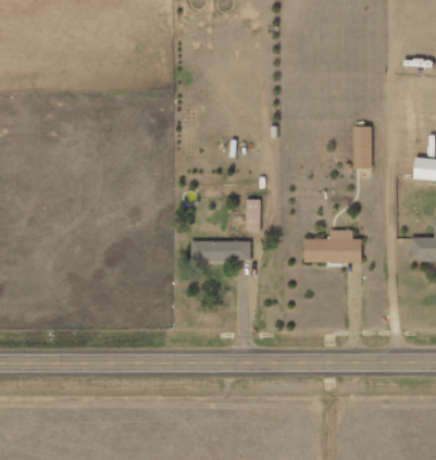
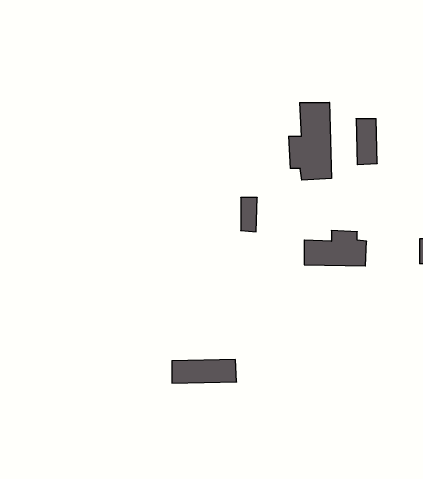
building: none -> [289,102,331,180]
building: [191,240,251,262] -> [172,360,237,383]

